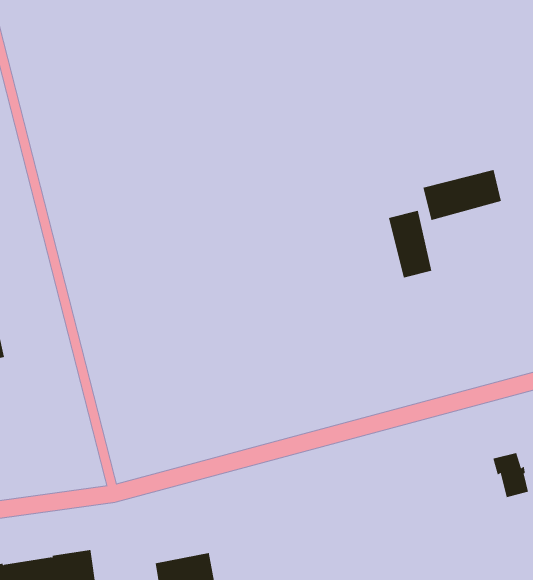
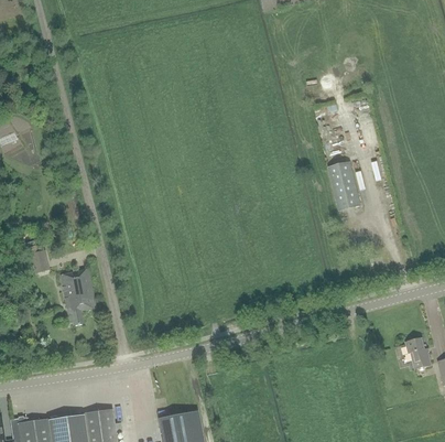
building: [423,169,502,221] -> none
building: none -> [61,270,96,326]

